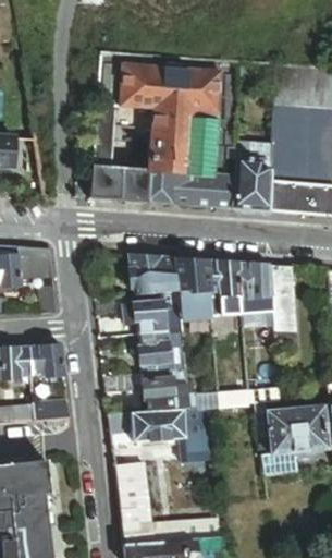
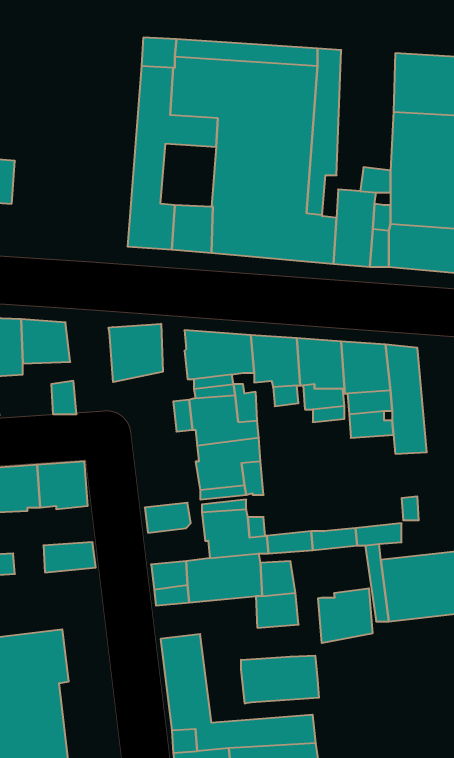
building: none -> [109,324,163,382]
building: none -> [318,588,372,643]
building: none -> [241,656,319,704]

